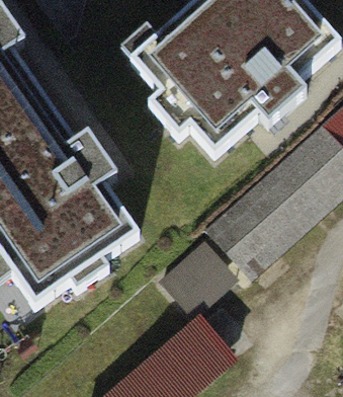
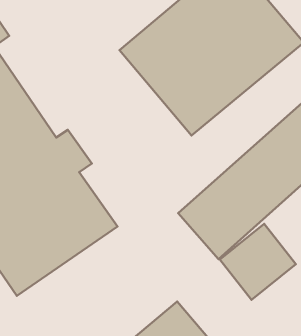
building: [166,235,246,315] -> [220,224,296,300]

